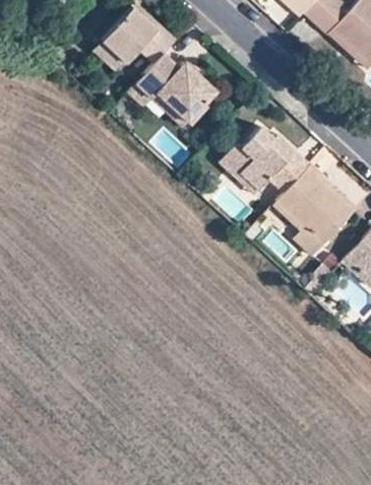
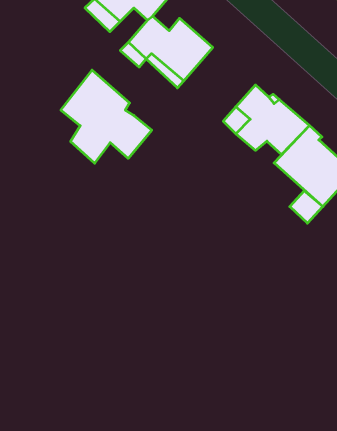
building: none -> [61,70,152,163]

